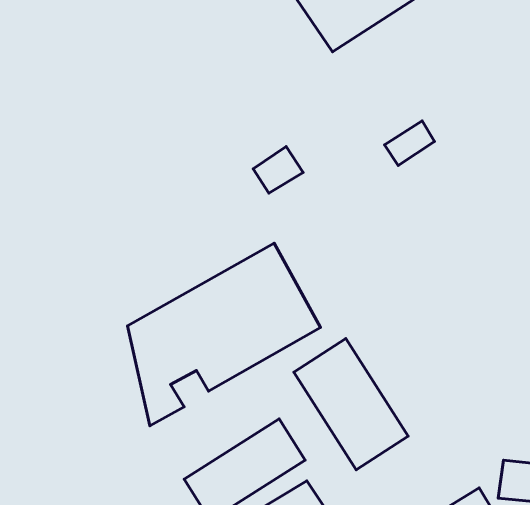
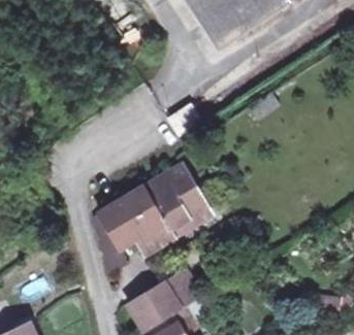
building: [294,338,408,470] -> none

